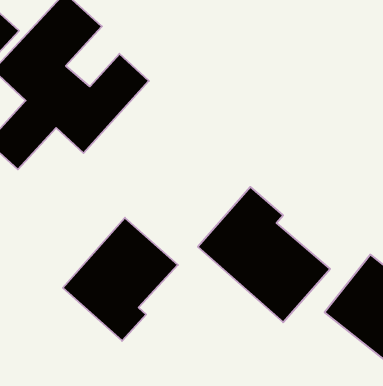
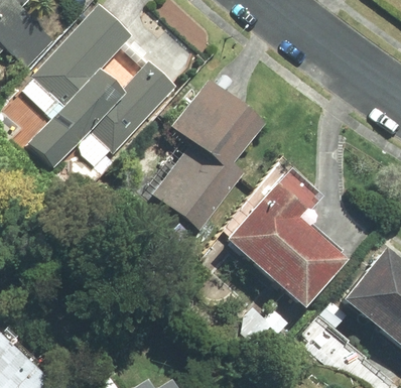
building: none -> [155,79,262,229]
building: [63,218,178,341] -> none

